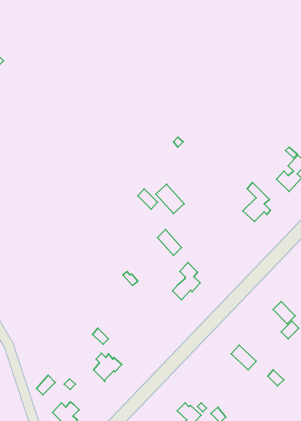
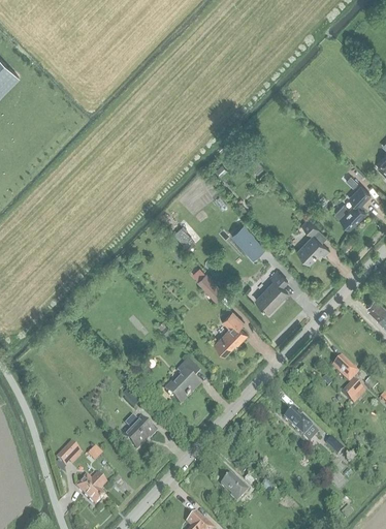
building: [156,184,184,214] -> [231,224,264,258]
building: none -> [255,272,288,312]
building: none -> [165,359,199,404]

